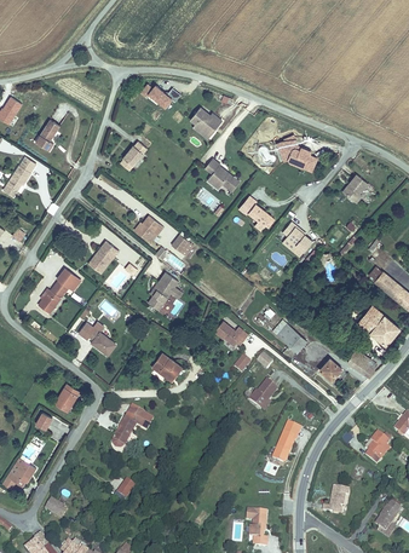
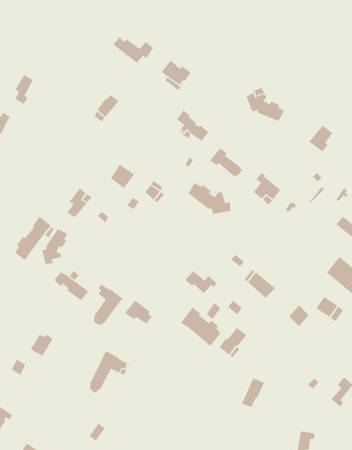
building: none -> [188,182,231,214]
building: [146,271,178,309] -> none
building: none -> [42,228,68,265]
building: none -> [93,284,123,325]
building: none -> [181,307,221,347]

